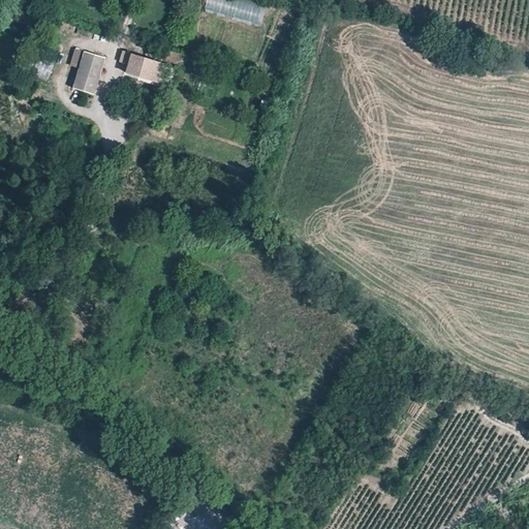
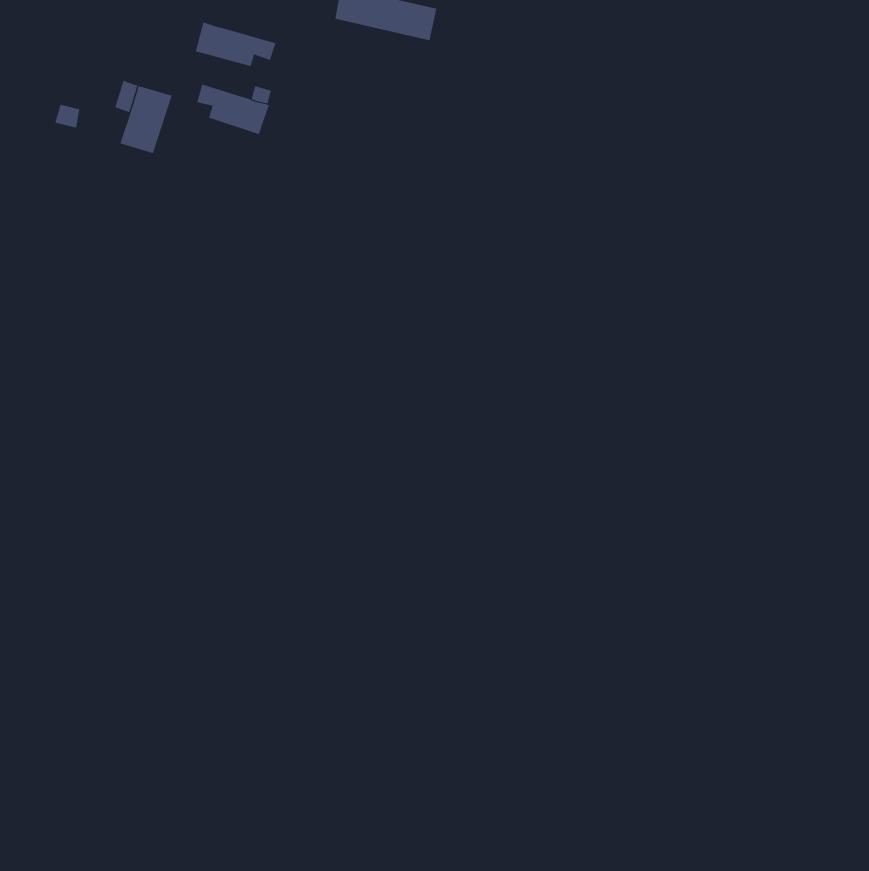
building: none -> [195,21,276,67]

